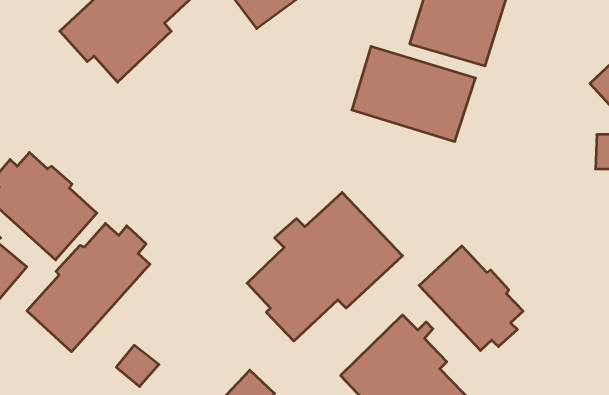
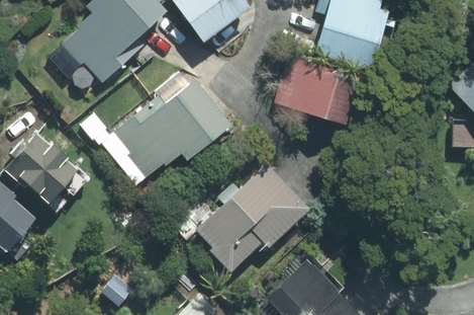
building: none -> [79,73,230,186]
building: [27,223,150,352] -> none
building: [419,246,523,351] -> none

